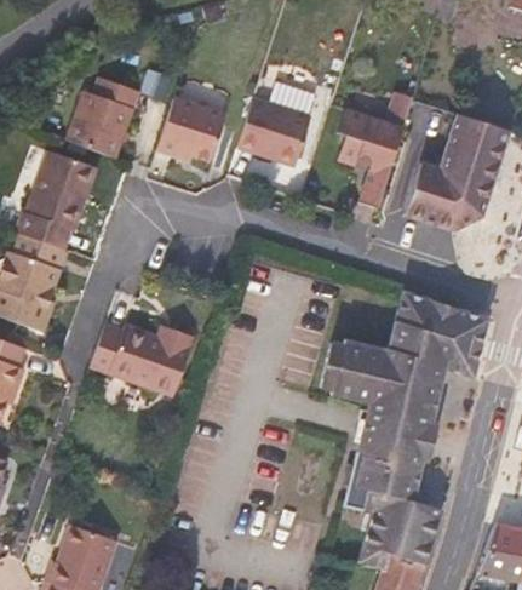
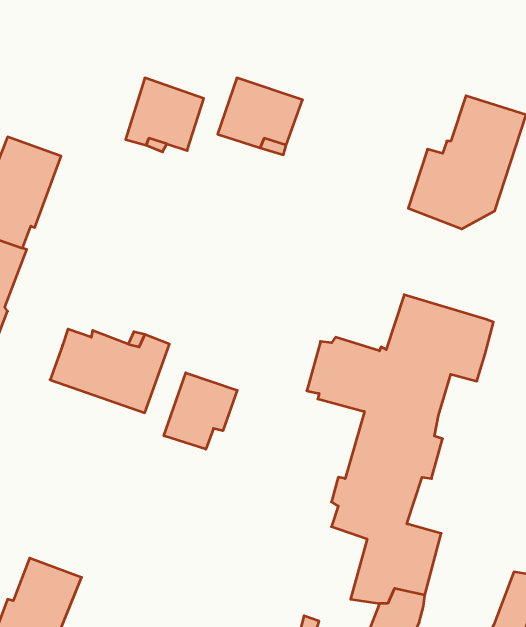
building: [64,76,140,157] -> none
building: [340,110,406,210] -> none
building: none -> [164,373,237,449]

